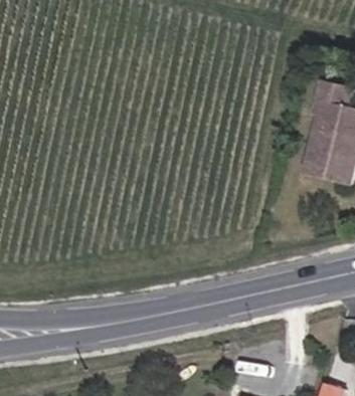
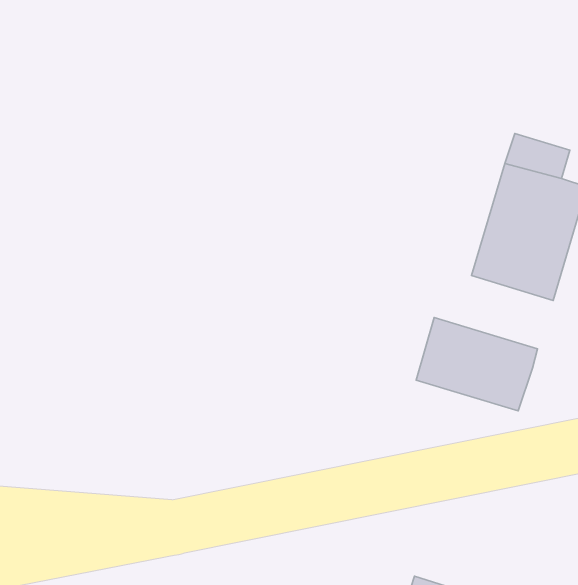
building: none -> [416,318,538,411]

